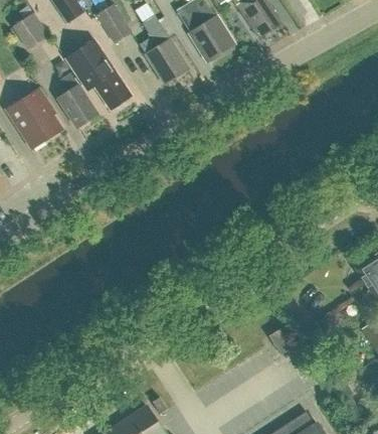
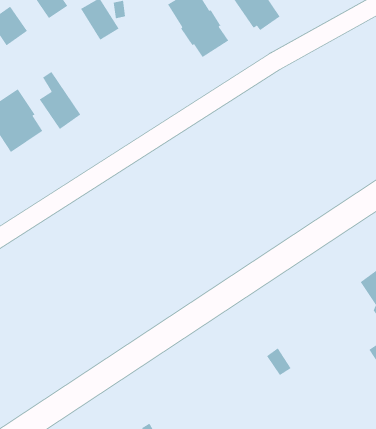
building: [140,16,189,84] -> none
building: [66,39,132,109] -> none

